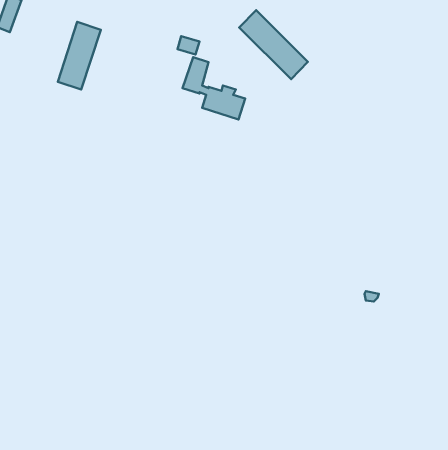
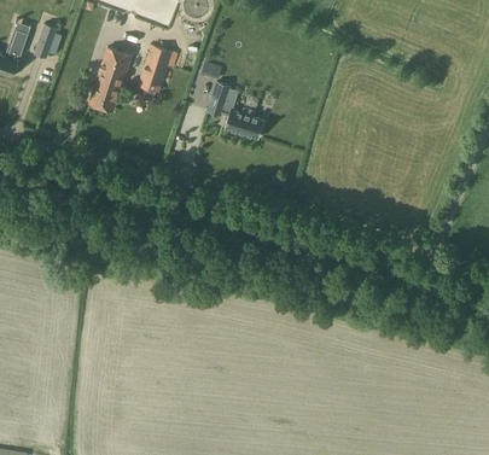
building: [239,10,308,79] -> none
building: none -> [138,45,171,92]

